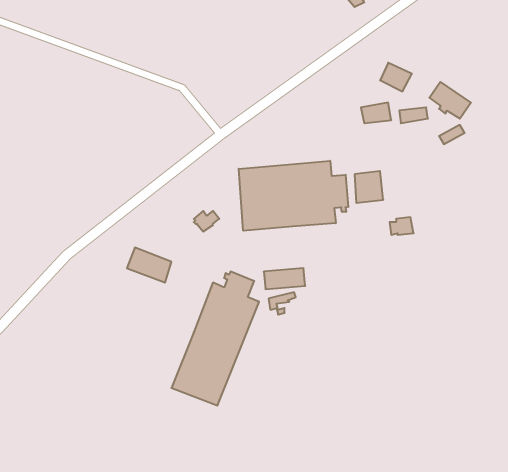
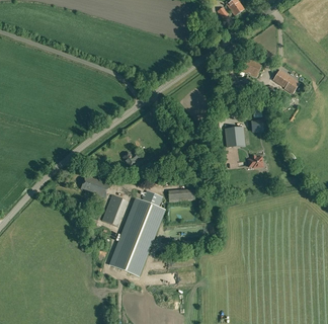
building: [239,161,348,231] -> none
building: none -> [102,194,128,227]

